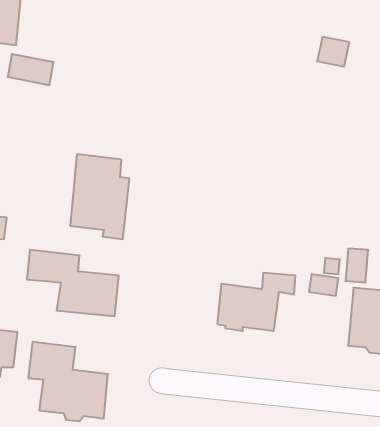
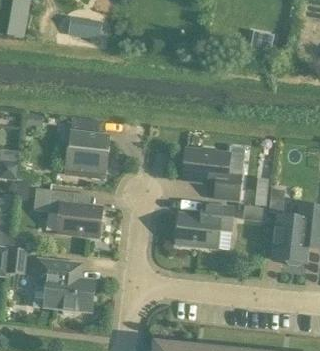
building: [8,54,54,85] -> [69,14,103,37]
building: none -> [182,148,241,199]

